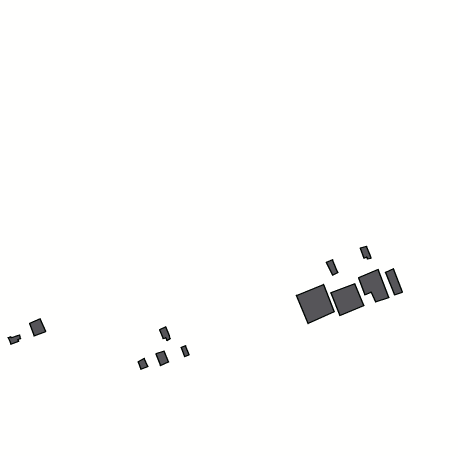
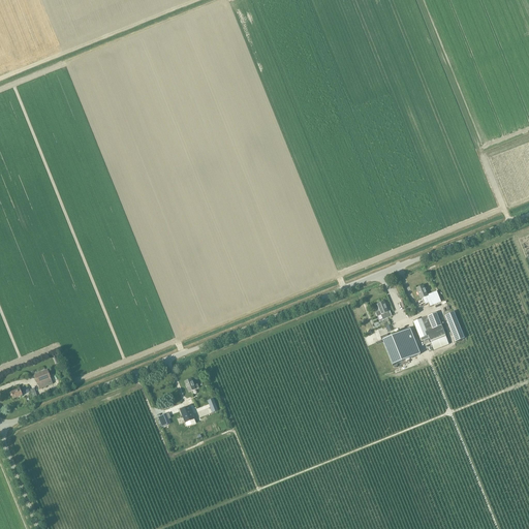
building: [296,284,334,324] -> none

